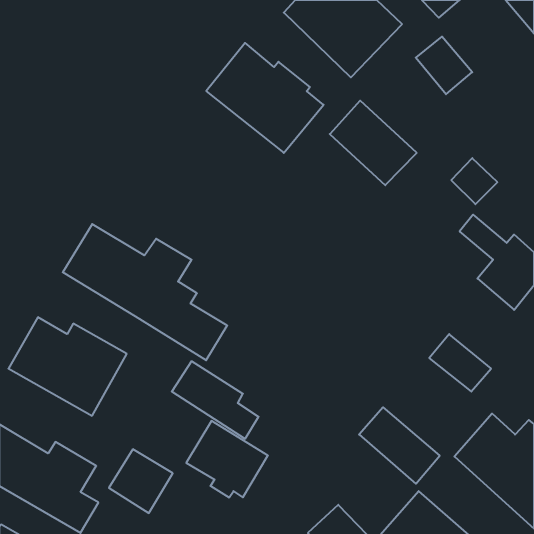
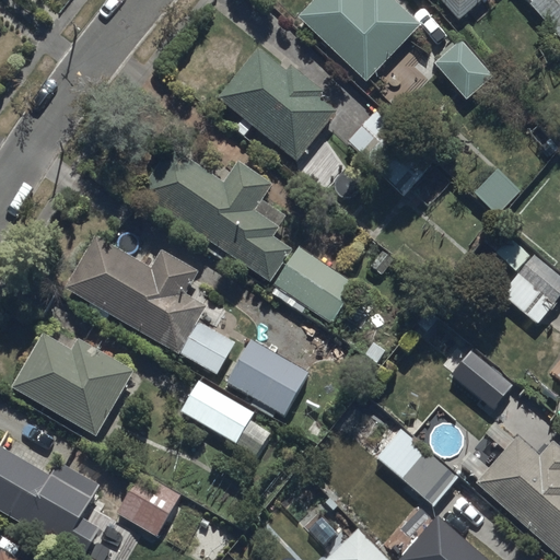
building: none -> [140,147,355,323]
building: [186,421,268,497] -> [224,337,310,417]

